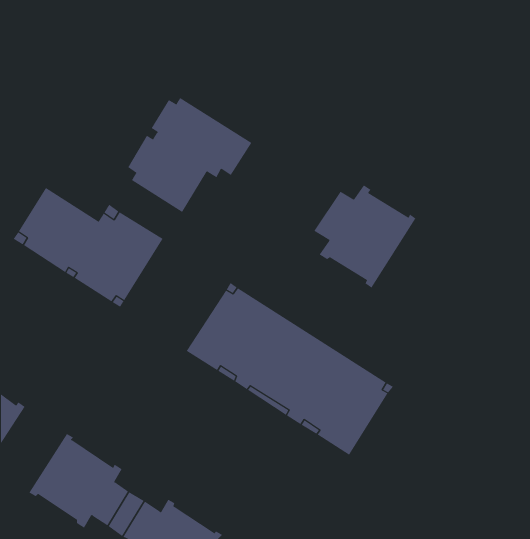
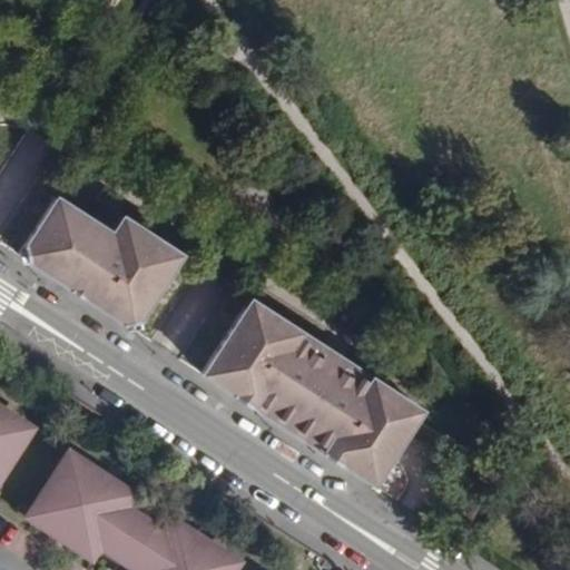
building: [127,97,252,213] -> none
building: [314,185,416,288] -> none

